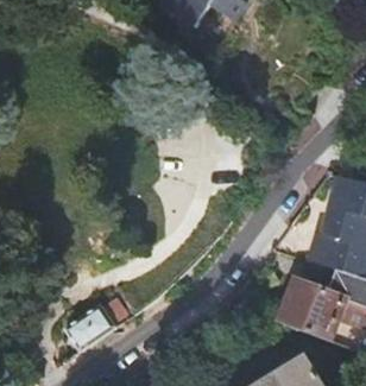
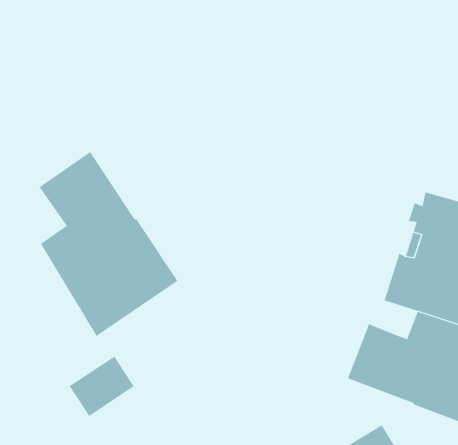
building: none -> [39,151,178,337]

